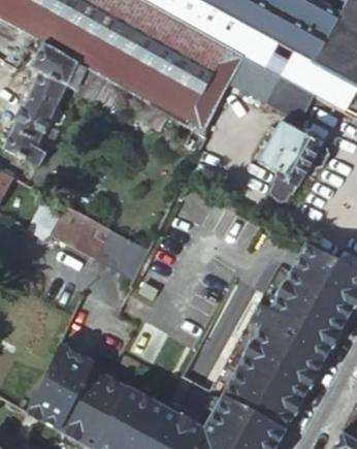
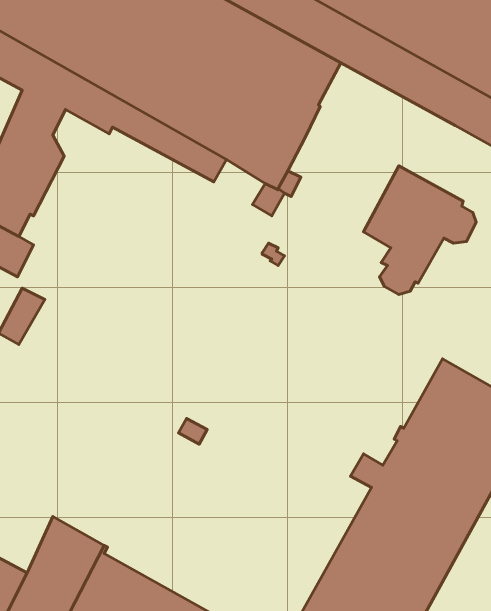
building: [221,53,317,119] -> none
building: [50,204,148,286] -> none

